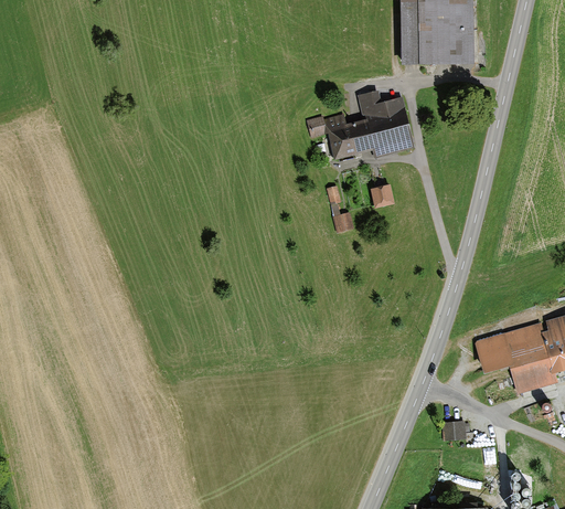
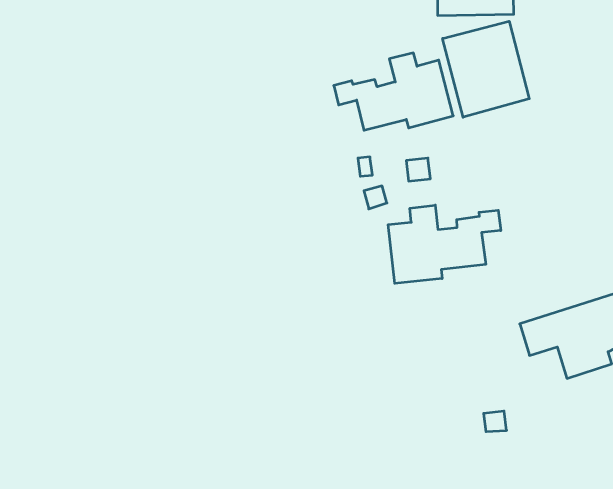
building: none -> [443,21,529,117]
building: none -> [388,205,501,283]

